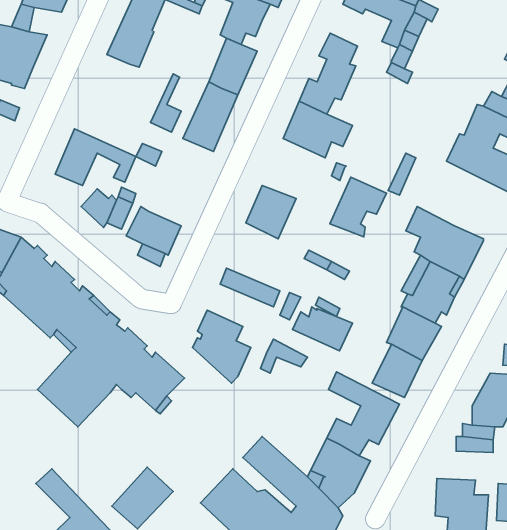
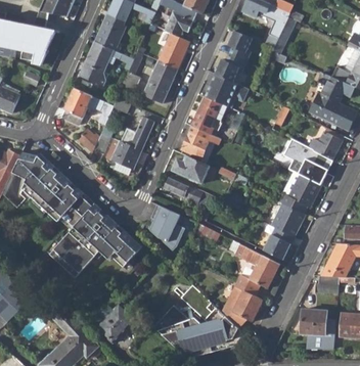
building: none -> [79,42,123,87]
building: none -> [121,116,153,150]
building: [330,177,386,237] -> [192,95,228,133]
building: none -> [314,130,342,158]
building: [293,307,352,351] -> [173,154,211,182]

